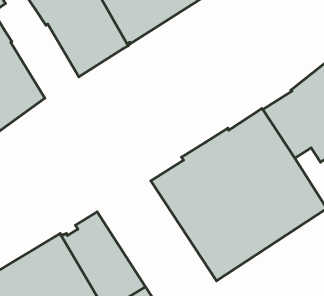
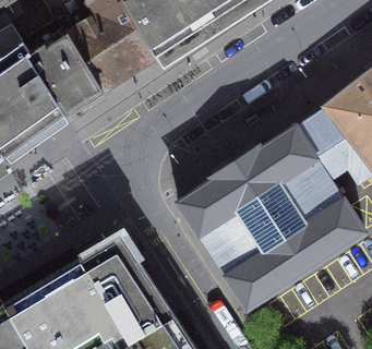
building: none -> [23,22,101,116]

